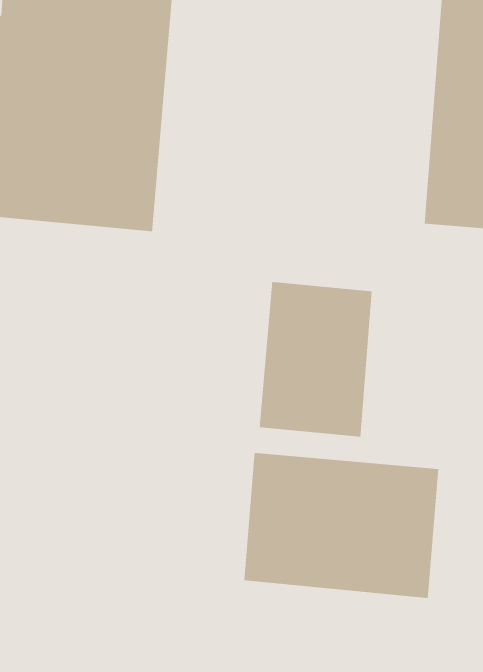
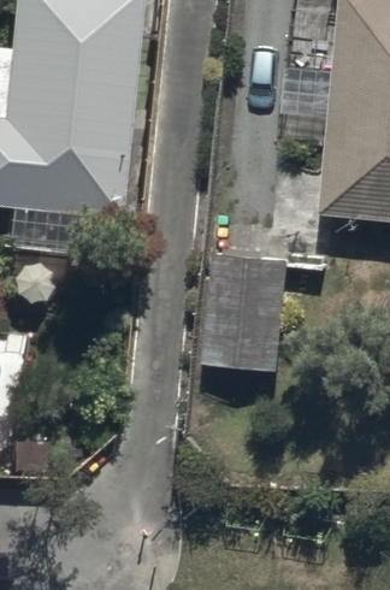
building: [244,452,439,599] -> none

